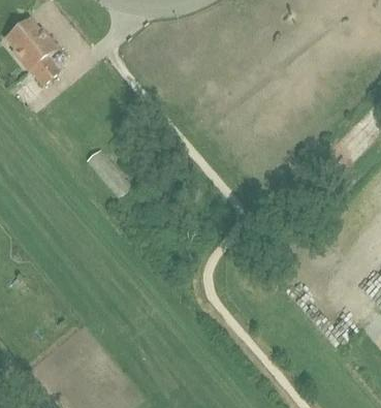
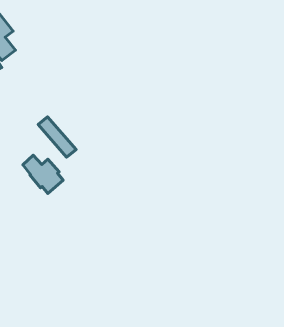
building: none -> [23,155,63,194]

